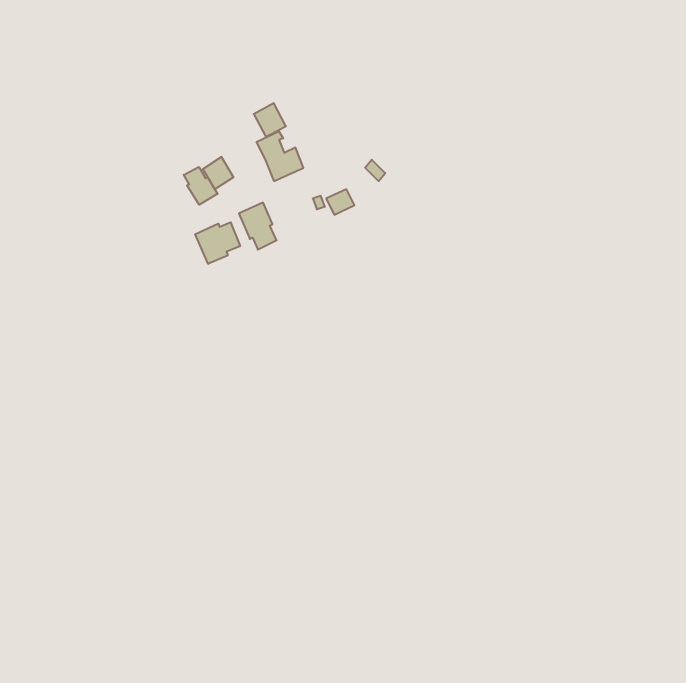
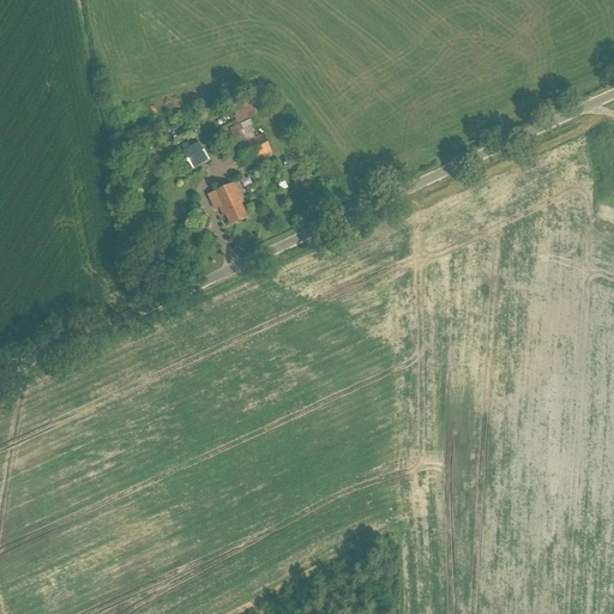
building: [184,167,218,205] -> none
building: [195,222,240,264] -> none

